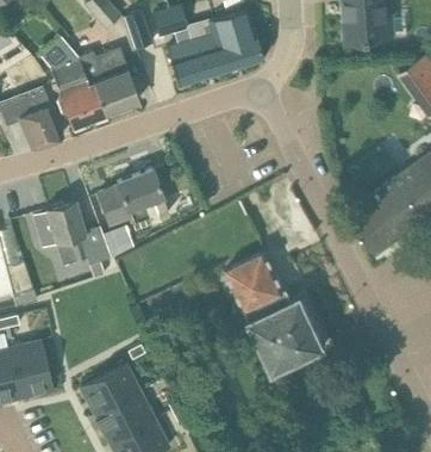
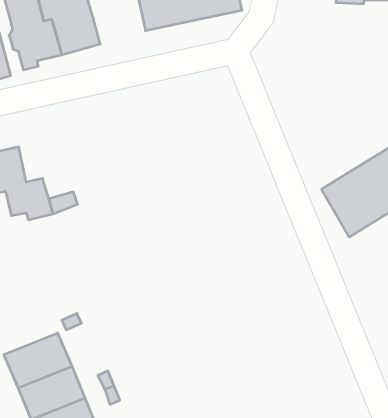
building: [98,171,168,224] -> none
building: [226,253,326,372] -> none

